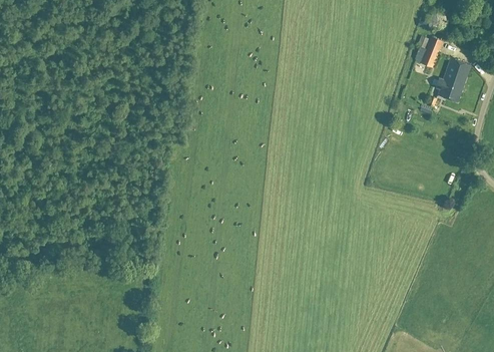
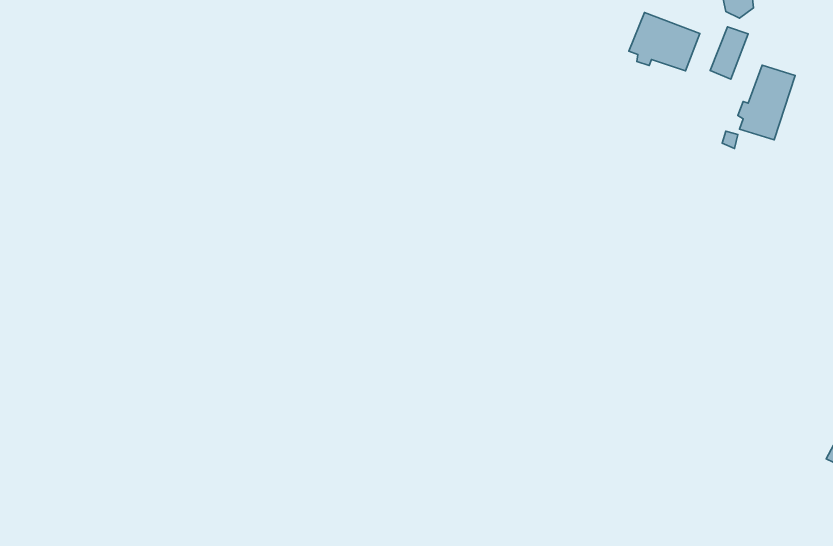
building: none -> [629,12,700,71]

